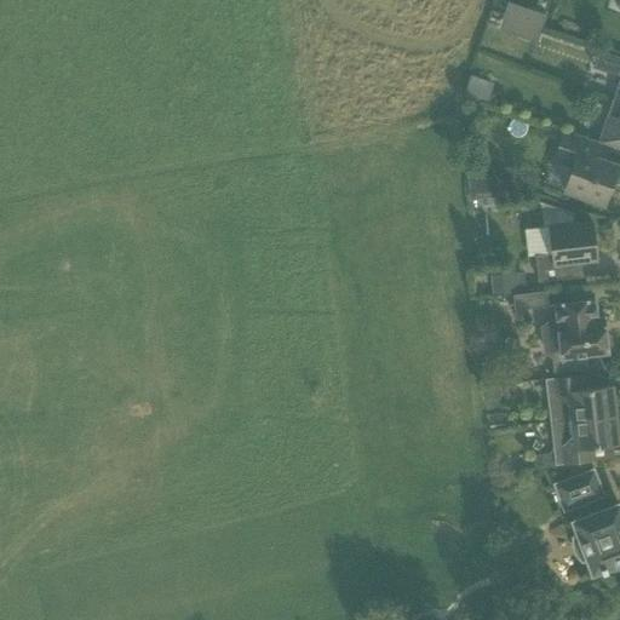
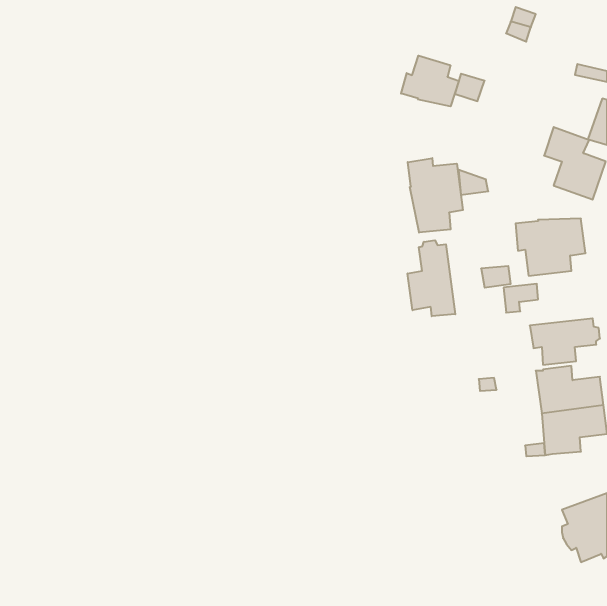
building: none -> [401,56,459,106]
building: none -> [408,158,463,233]
building: none -> [408,240,455,316]
building: [540,299,604,332] -> none
building: [556,470,602,509] -> none

